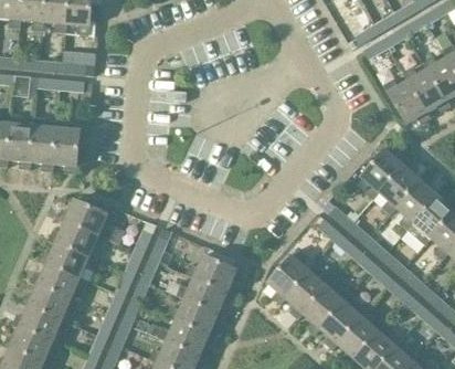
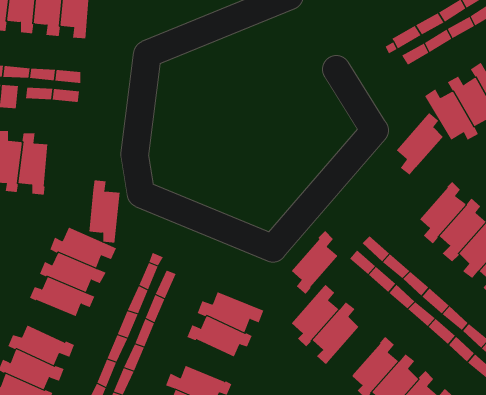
building: [53,118,81,173] -> [89,180,120,243]
building: [361,144,403,199] -> [396,112,444,176]
building: [31,263,88,299] -> none
building: [303,278,345,335] -> [291,230,339,295]
building: [168,297,225,334] -> none

